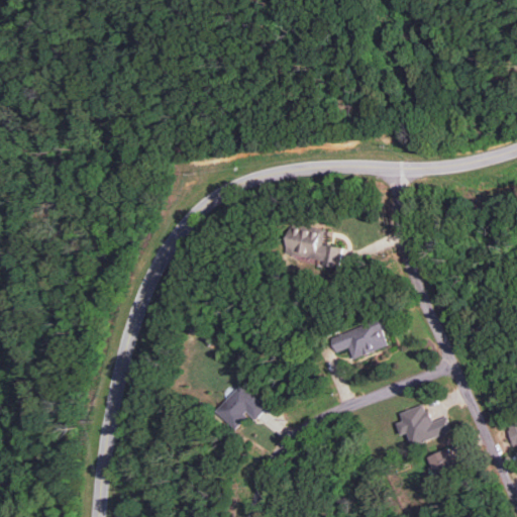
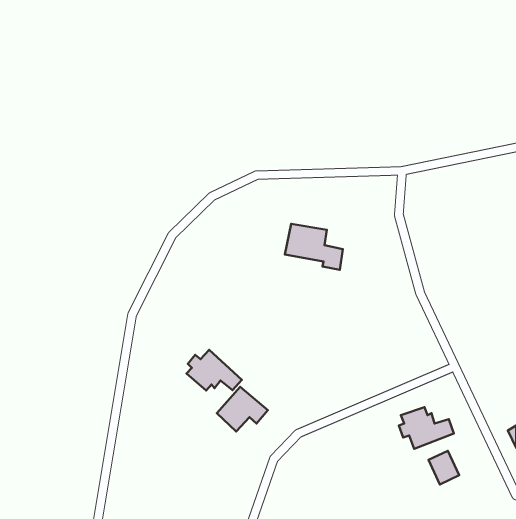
building: [329,319,387,358] -> none
building: none -> [187,350,242,390]

